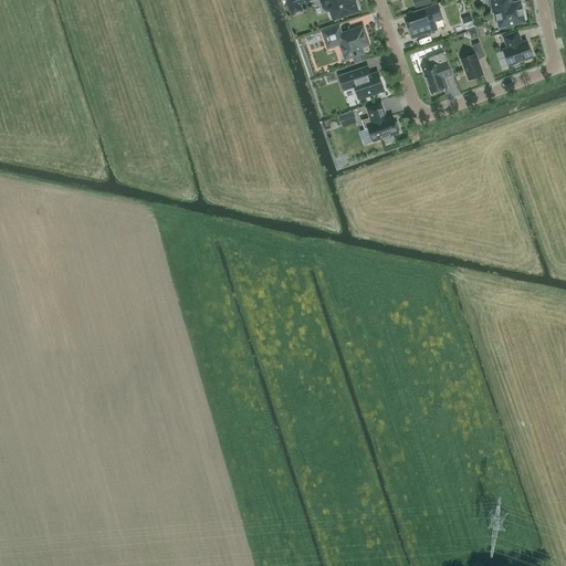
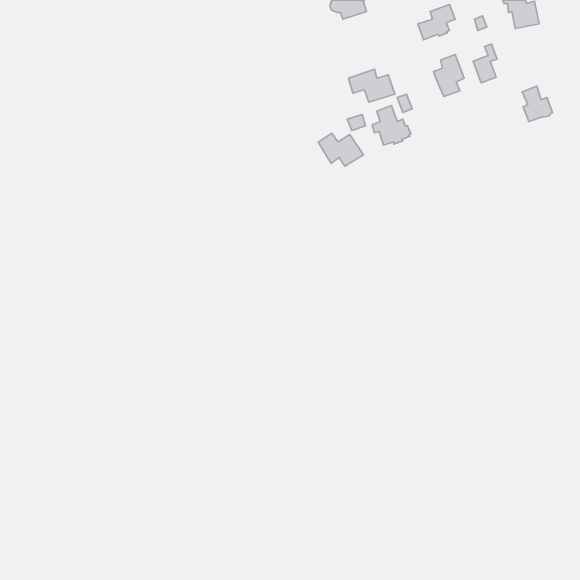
building: [323,28,368,59] -> none
building: [503,31,533,65] -> [522,86,553,121]
building: none -> [318,133,363,166]

